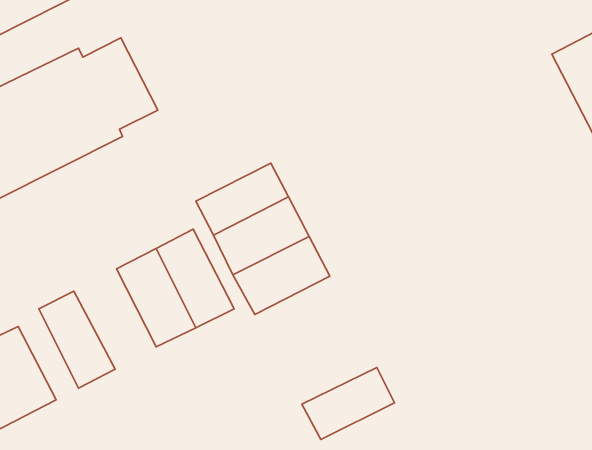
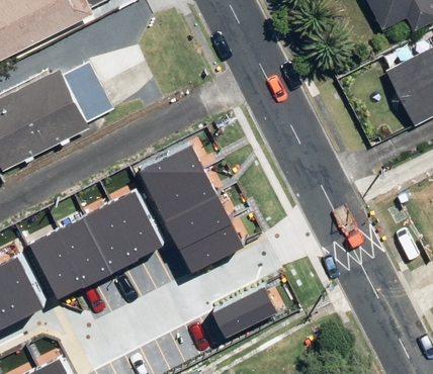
building: none -> [56,218,112,287]
building: none -> [180,223,245,275]

